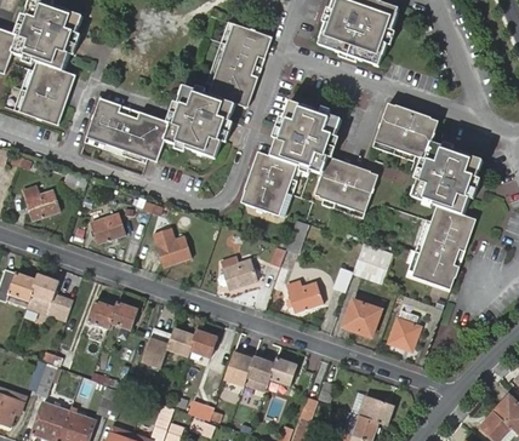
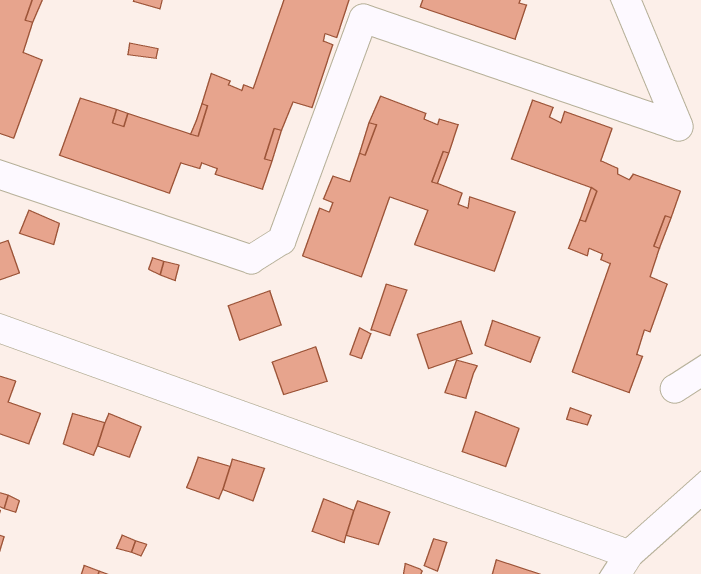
building: [90,213,124,244] -> none
building: [156,235,190,267] -> [228,291,281,340]
building: [286,282,321,313] -> [417,321,472,369]
building: [387,310,418,348] -> none
building: [141,336,169,368] -> none
building: [223,350,253,386] -> none

